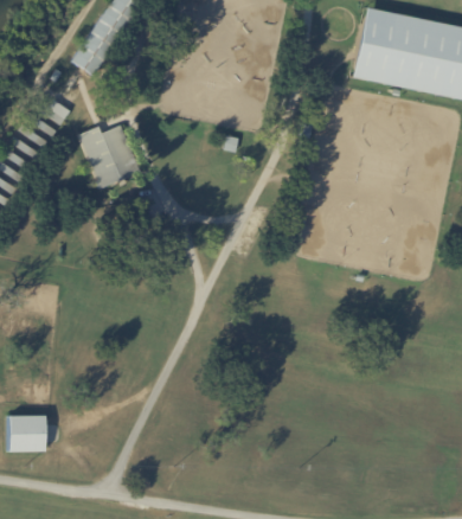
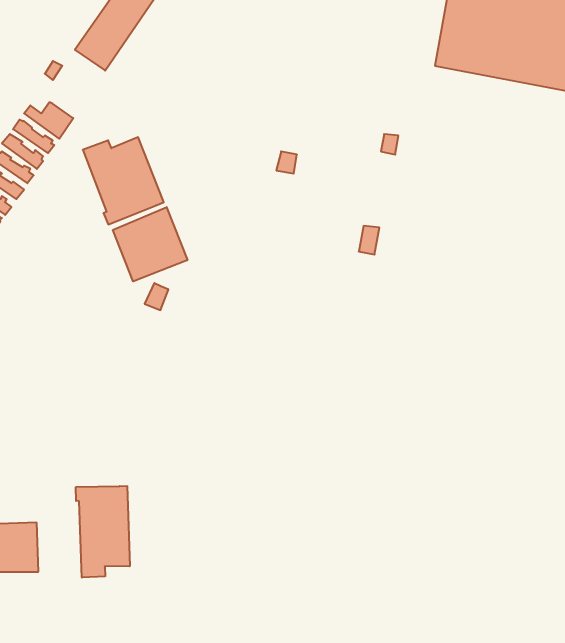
building: none -> [113,207,187,281]
building: none -> [76,486,130,578]

